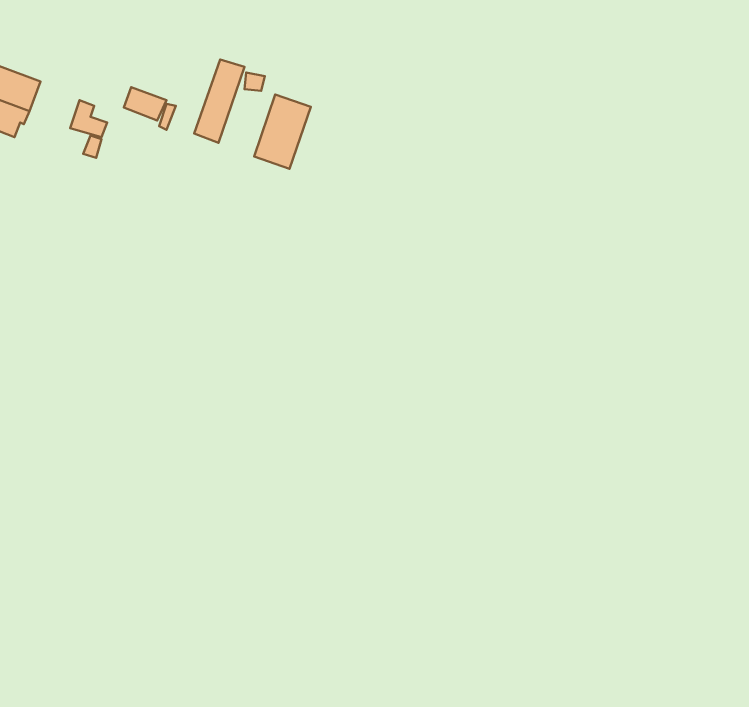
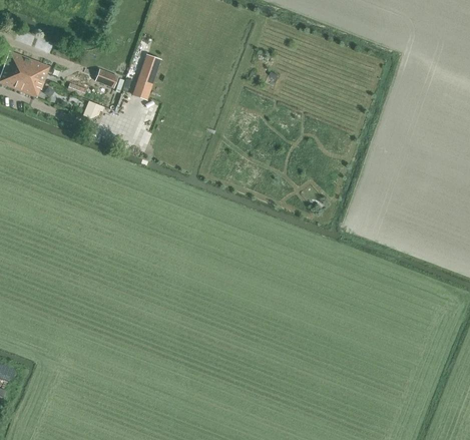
building: [254,95,311,169] -> none

